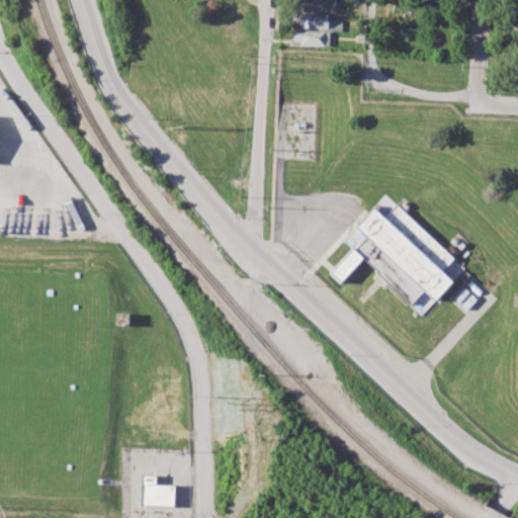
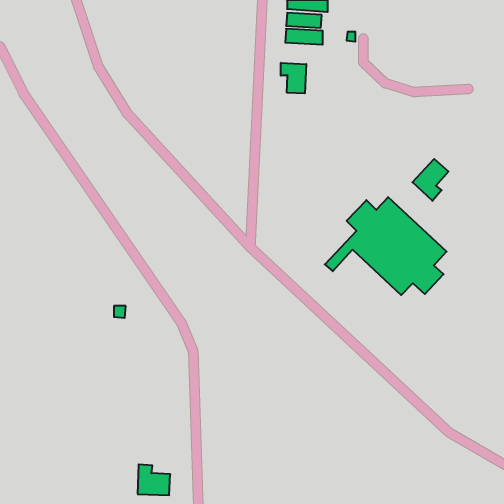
building: none -> [281,63,306,93]
building: none -> [412,159,448,201]

